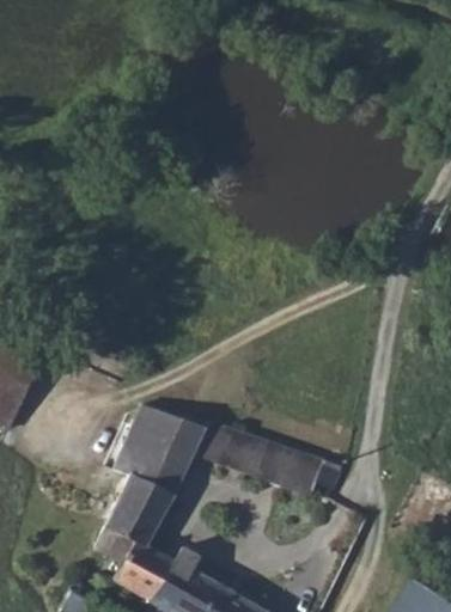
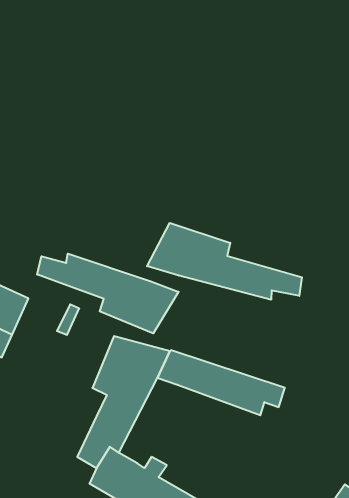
building: none -> [147,223,302,300]
building: none -> [37,254,179,333]

